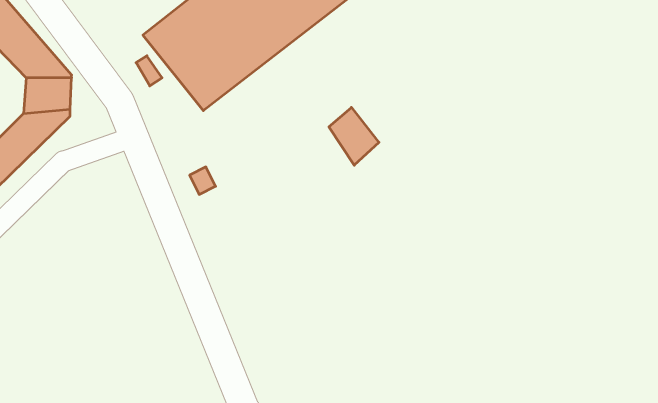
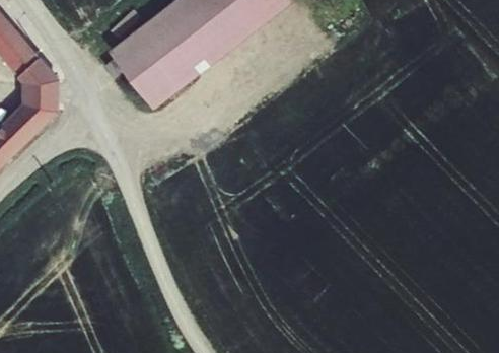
building: [329,107,379,165] -> none

